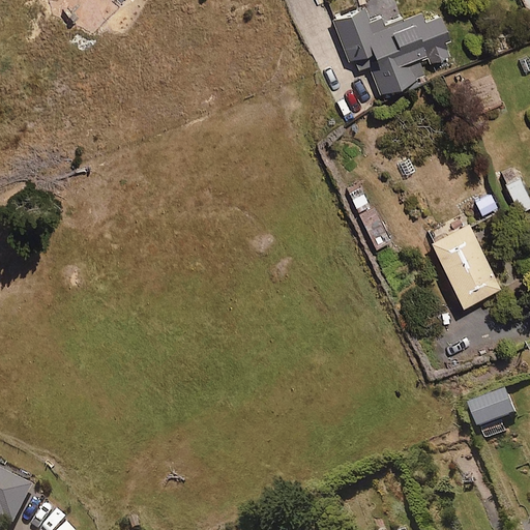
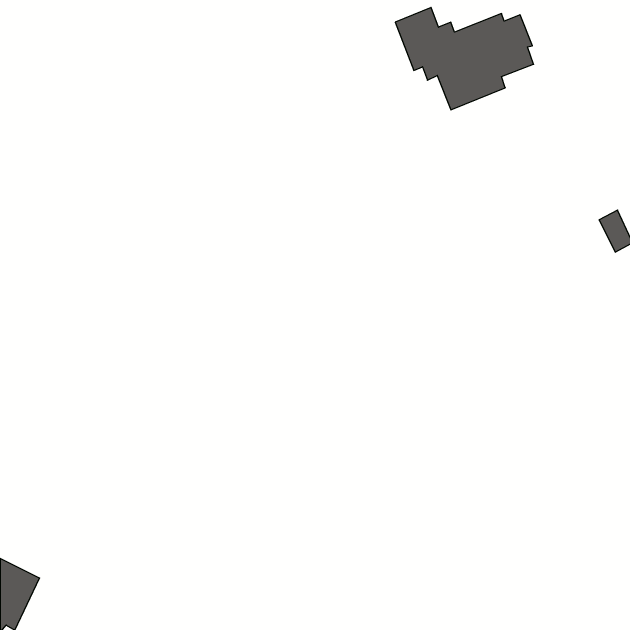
building: [431,225,499,306] -> none
building: [471,390,517,429] -> none

